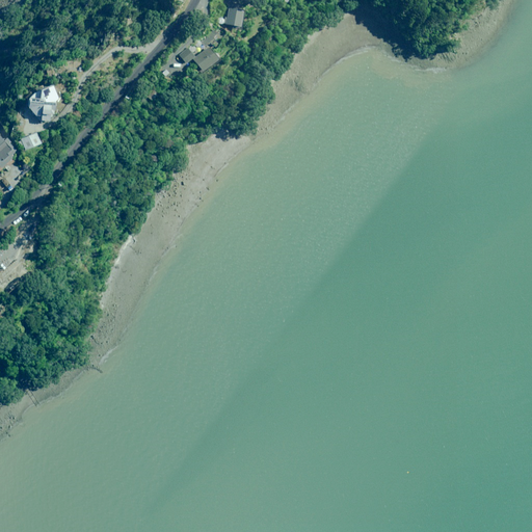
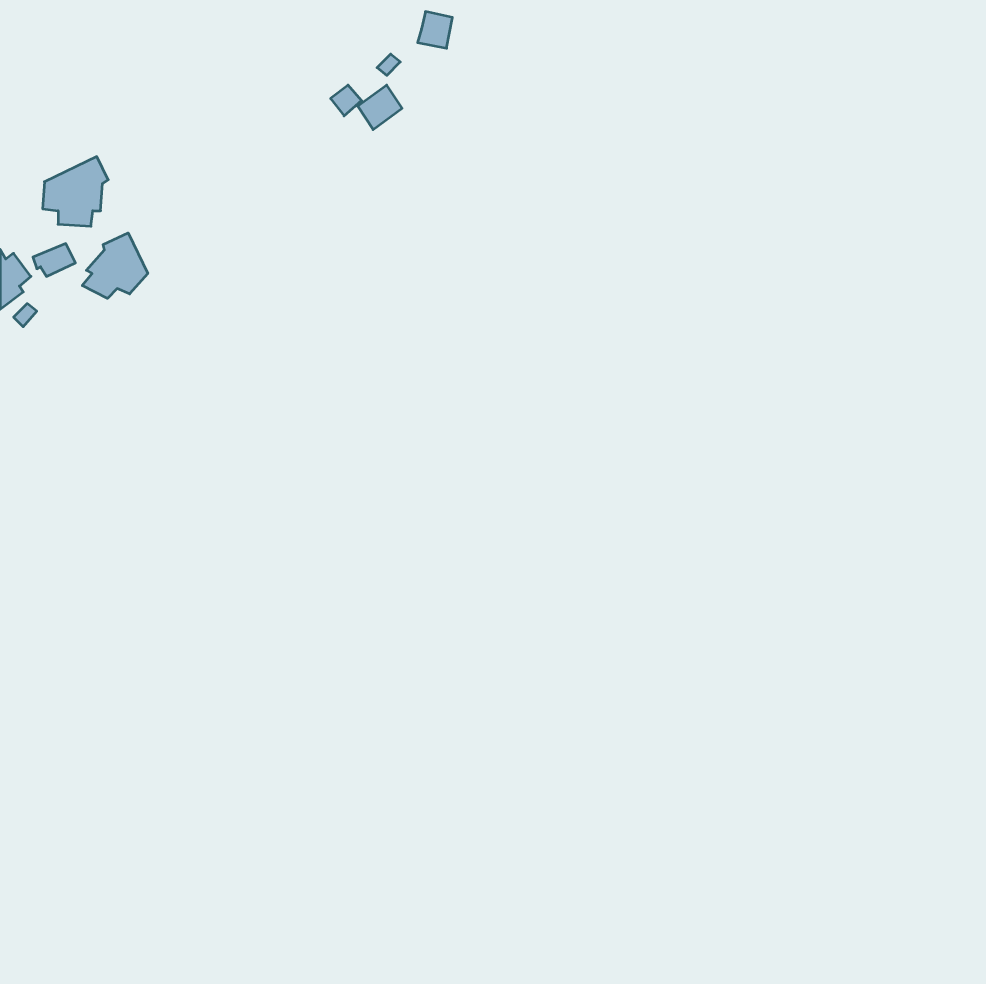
building: none -> [82,233,148,298]

